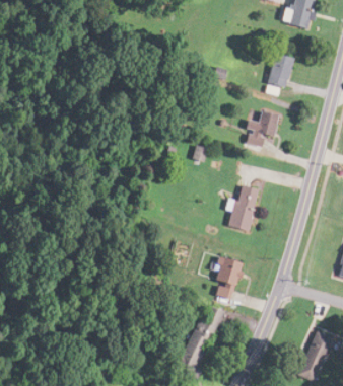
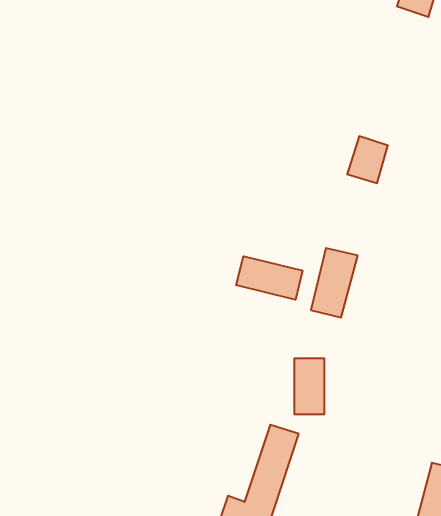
building: [271,55,292,91] -> none
building: none -> [236,256,303,300]

